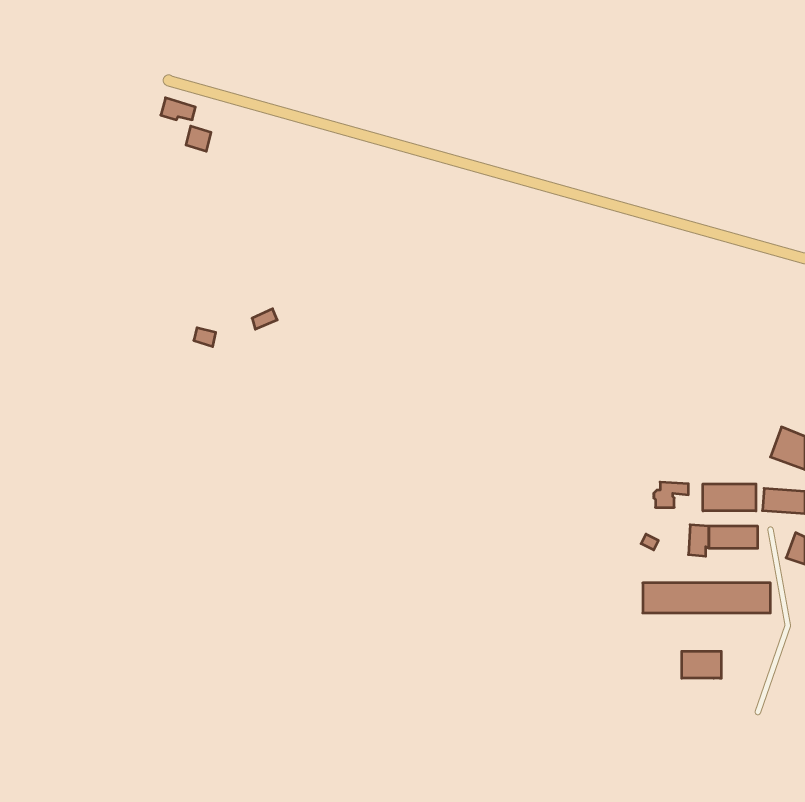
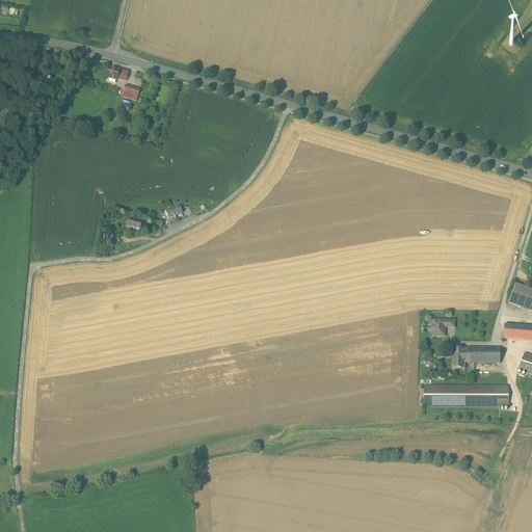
building: [703,484,756,511] -> none
building: [682,651,721,678] -> none

